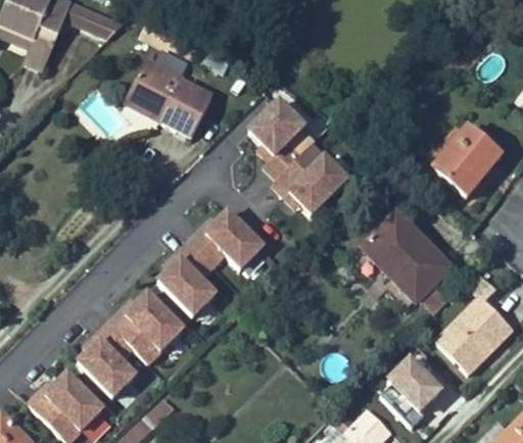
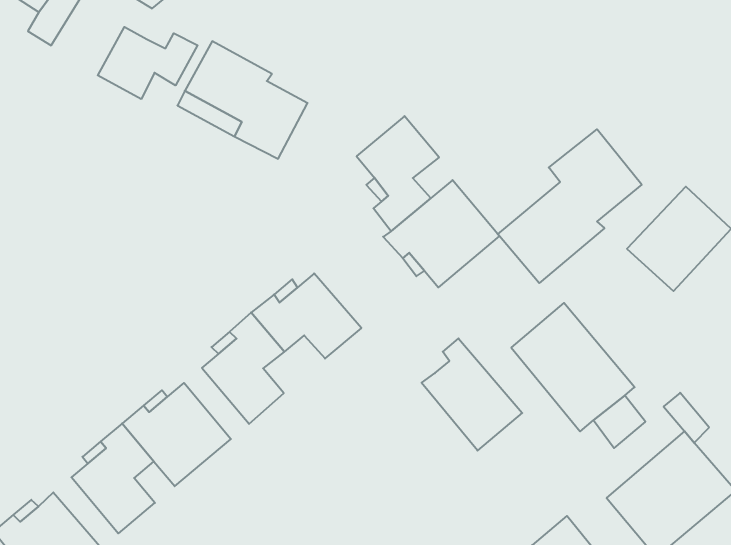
building: none -> [98,27,198,99]
building: none -> [498,129,642,283]
building: none -> [422,338,522,451]

